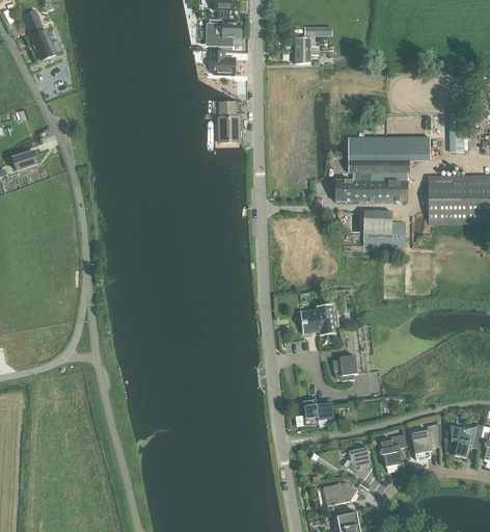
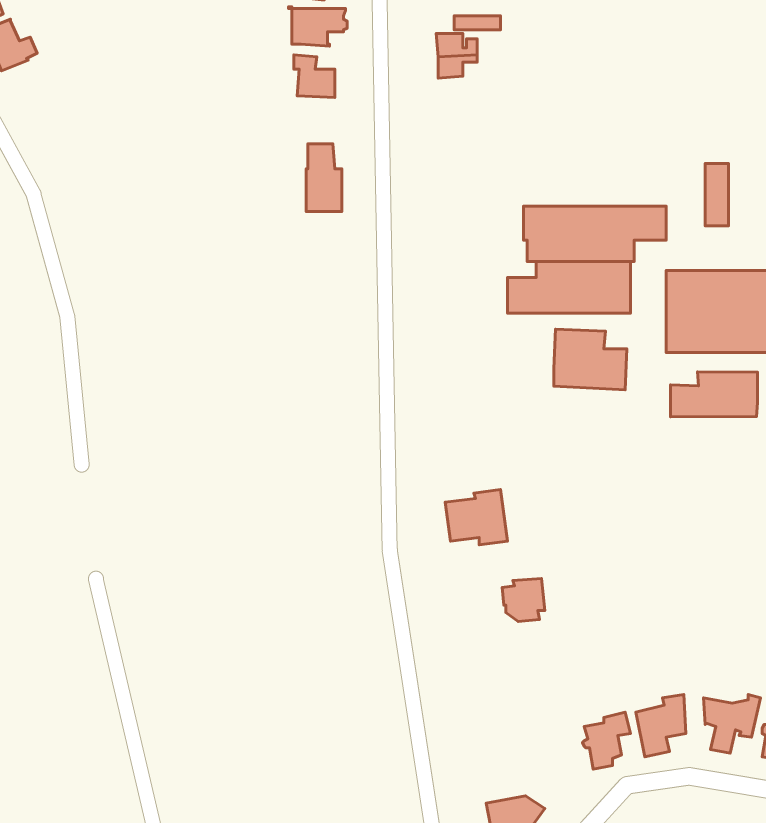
building: none -> [671,372,758,417]
building: [302,399,333,427] -> none
building: [346,447,372,479] -> none

